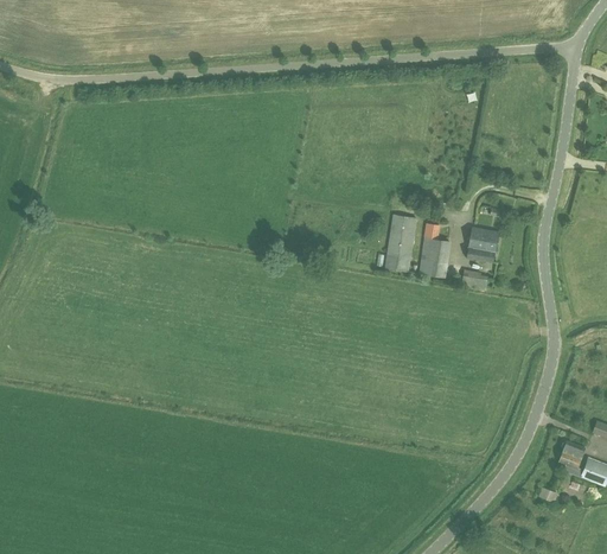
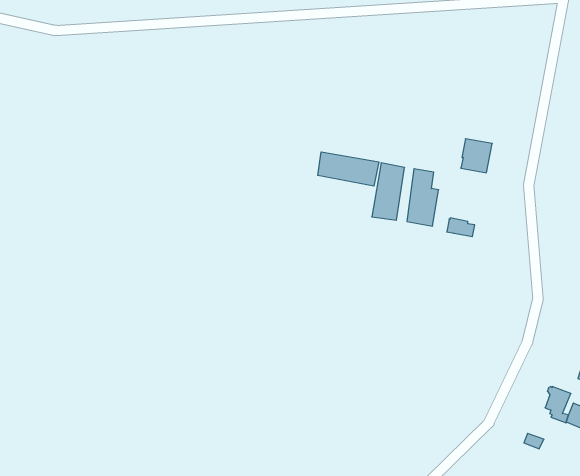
building: none -> [318,152,379,186]
building: [466,228,498,262] -> [461,139,492,173]

